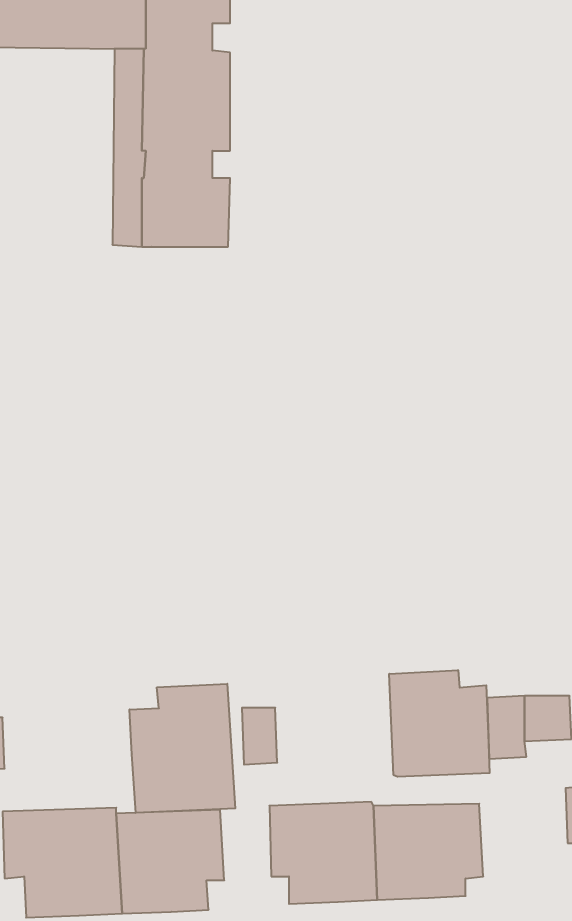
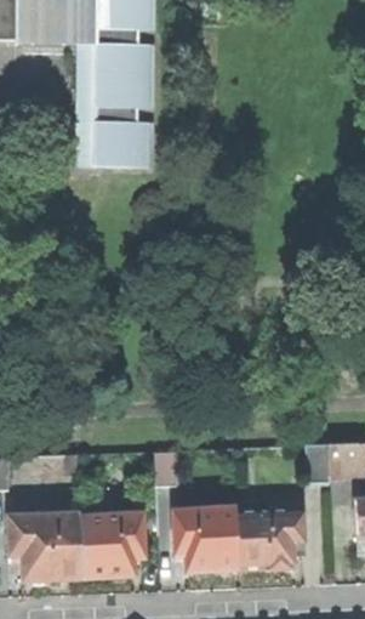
building: [389,670,490,777] -> none
building: [130,684,235,813] -> none

